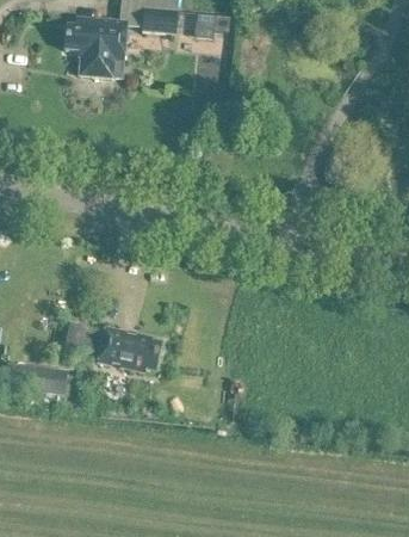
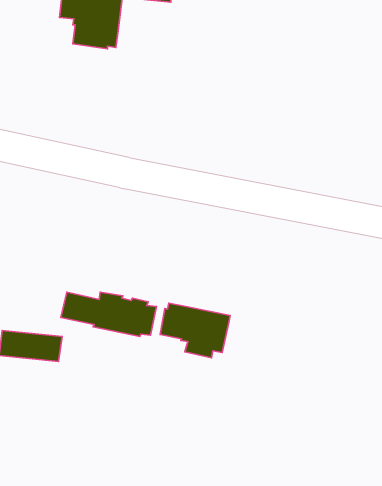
building: none -> [160,303,230,358]

